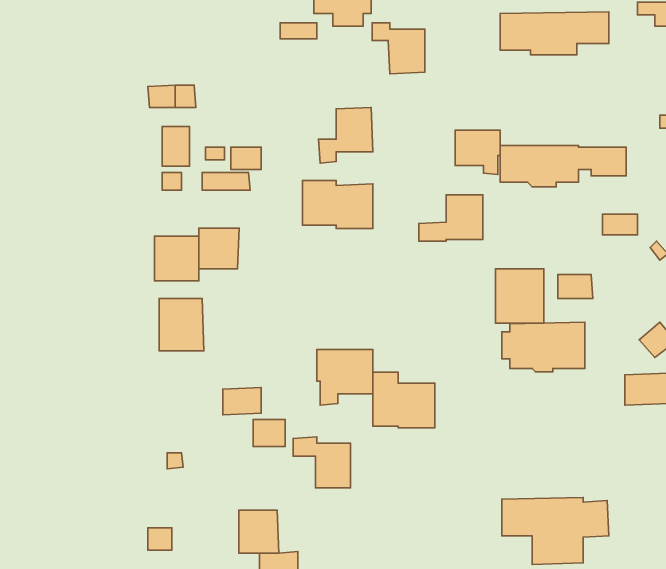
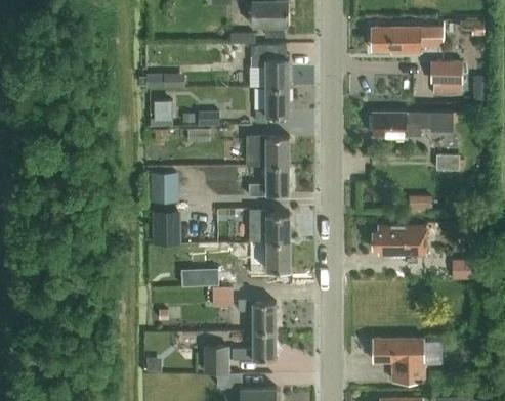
building: [372,23,425,74] -> [254,55,288,88]
building: none -> [431,59,461,93]
building: [455,130,500,175] -> none
building: [419,195,483,241] -> [248,165,289,194]
building: [199,228,239,269] -> none
building: [496,269,544,323] -> none
building: [373,372,435,428] -> [249,207,289,242]
building: none -> [235,331,276,360]

